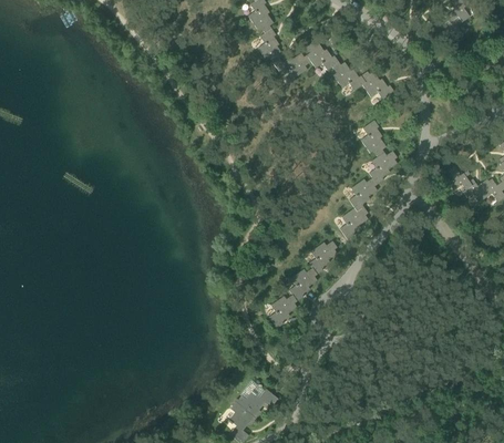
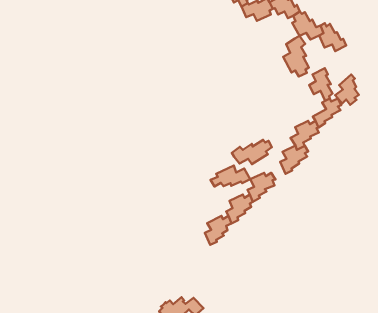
building: none -> [283,36,309,76]
building: none -> [335,74,359,105]
building: none -> [232,140,272,164]
building: none -> [210,165,250,186]

